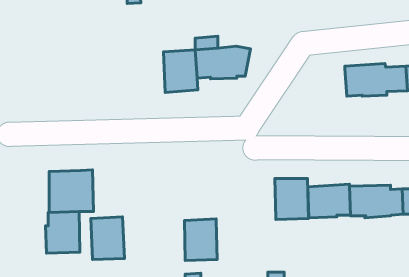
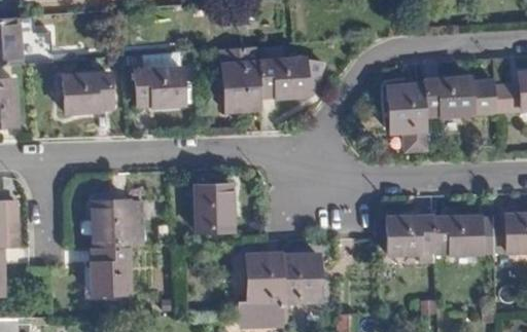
building: none -> [135,70,182,108]
building: none -> [63,72,109,111]
building: none -> [390,83,431,148]
building: [275,179,308,220] -> [281,255,319,301]
building: [91,217,124,259] -> [191,183,230,231]

